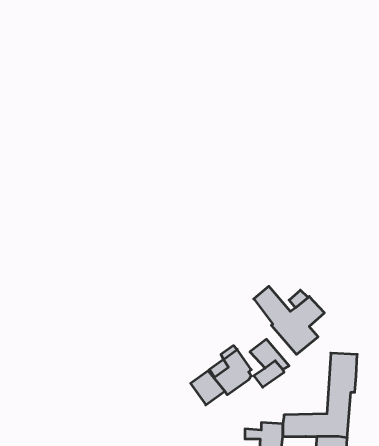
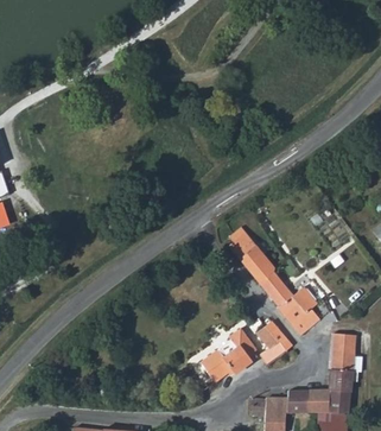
building: none -> [228,221,274,283]

